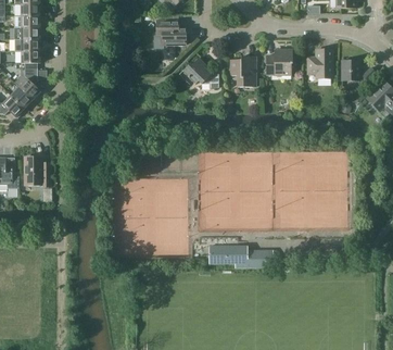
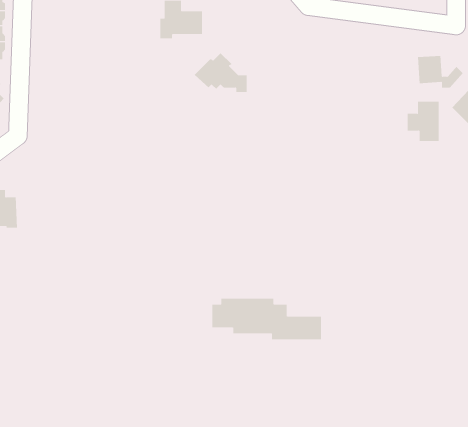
building: [307,48,331,77] -> [407,101,440,141]
building: [266,49,292,74] -> none
building: [229,54,254,86] -> none

